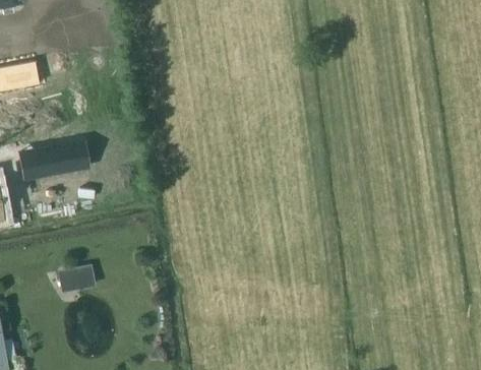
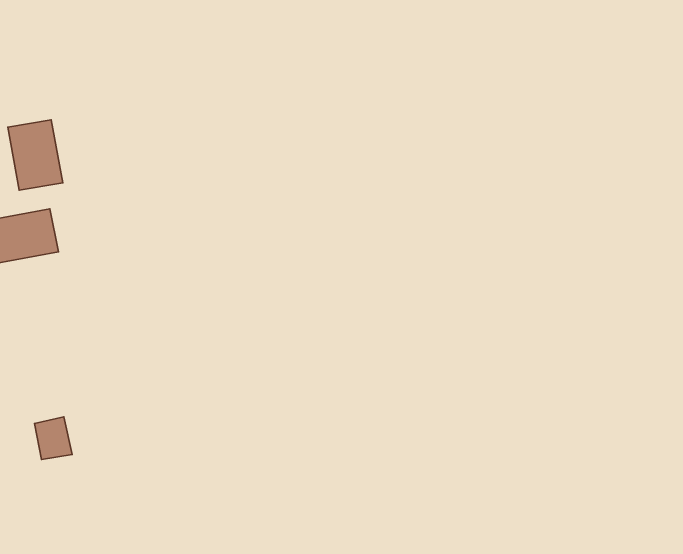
building: none -> [8,120,63,190]

